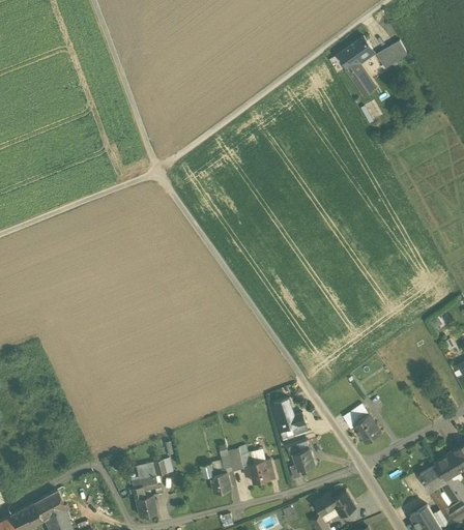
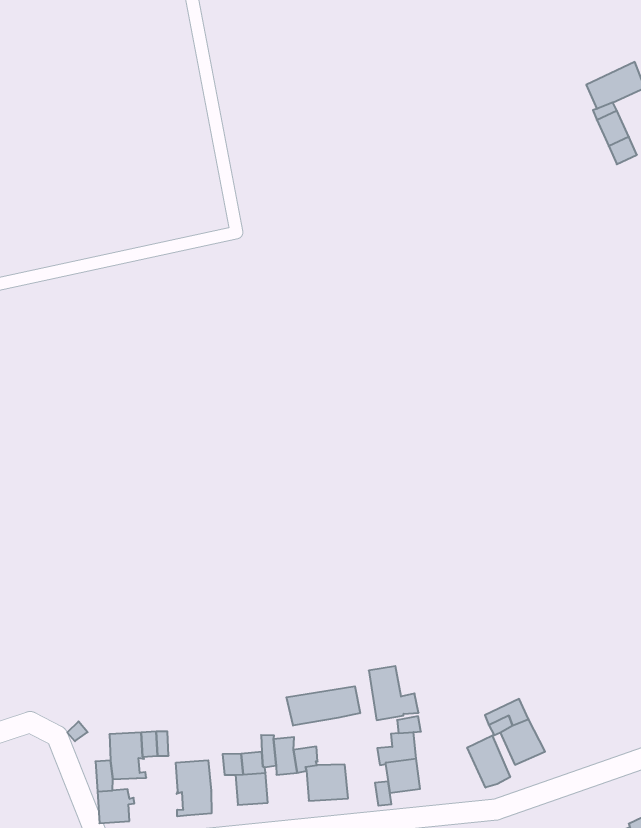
building: none -> [286,686,360,726]
building: none -> [467,735,510,788]
building: none -> [176,760,211,816]

